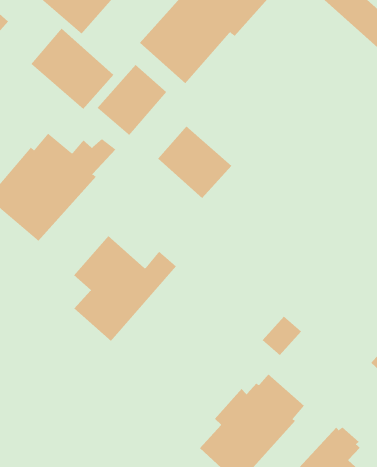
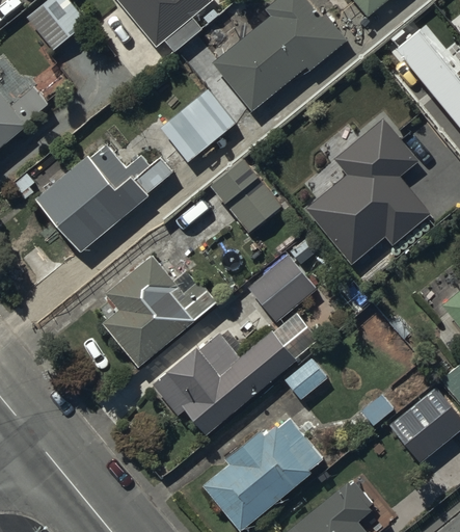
building: [31,28,114,110] -> none
building: none -> [313,122,426,256]
building: none -> [249,256,320,324]
building: none -> [157,328,295,430]

